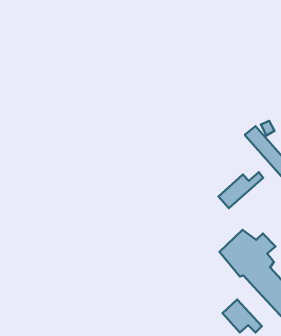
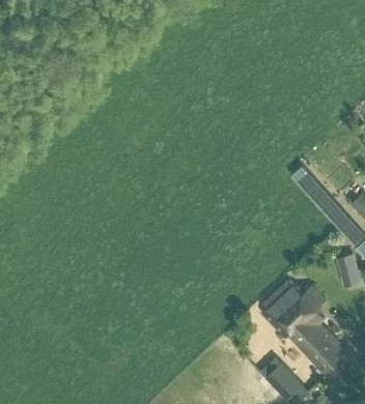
building: [218,172,263,208] -> none

